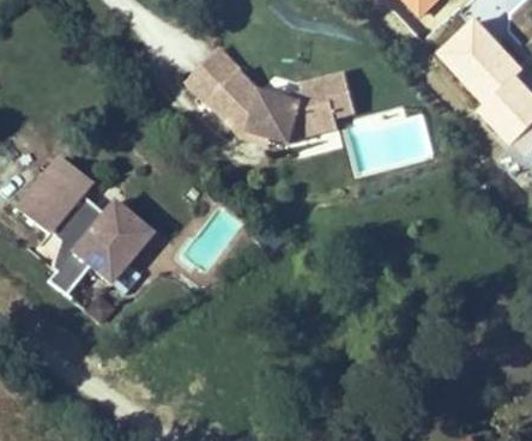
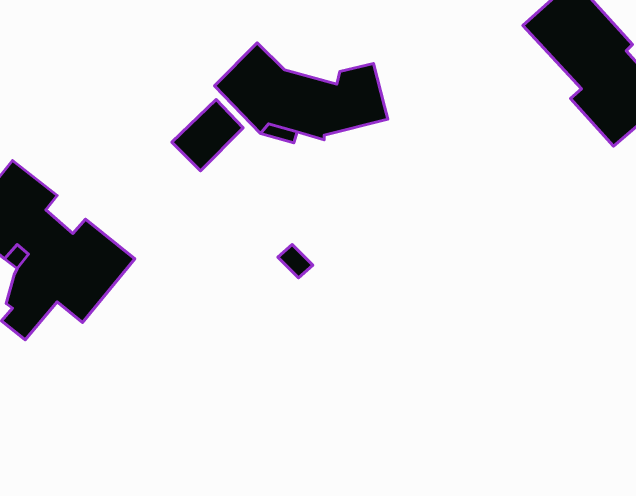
building: [187,48,241,102] -> [172,99,243,171]
building: [302,71,357,117] -> none

